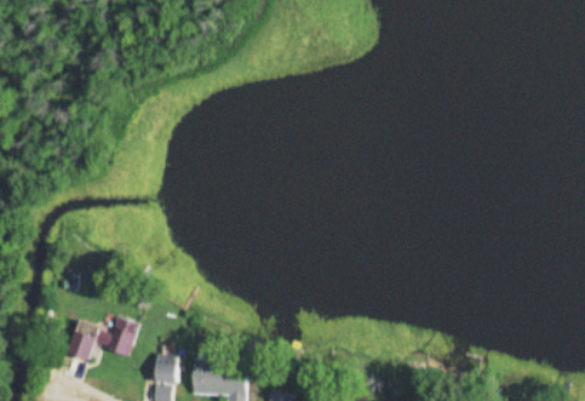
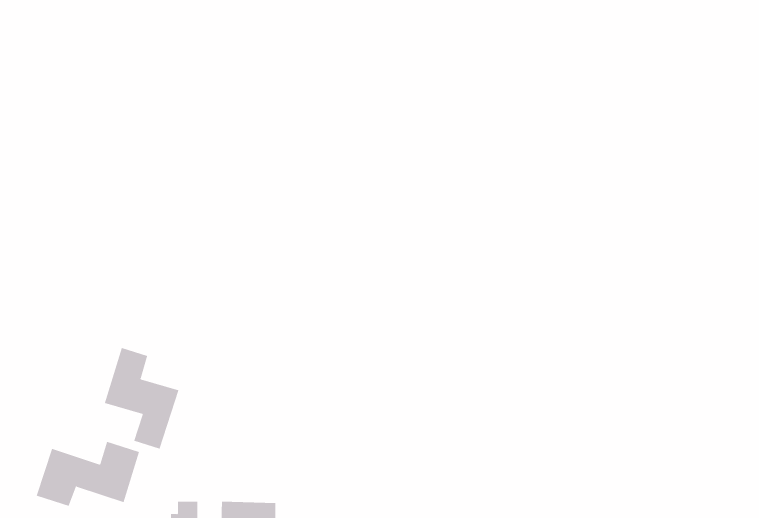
building: none -> [104,347,179,450]

